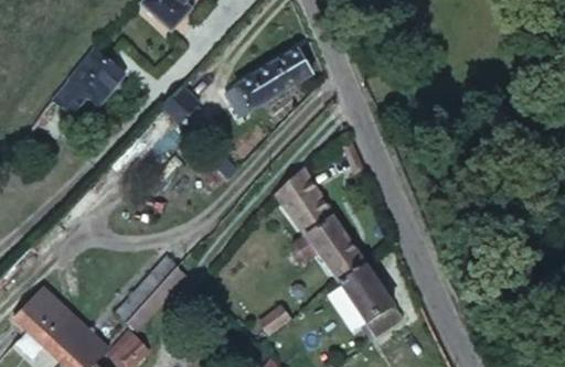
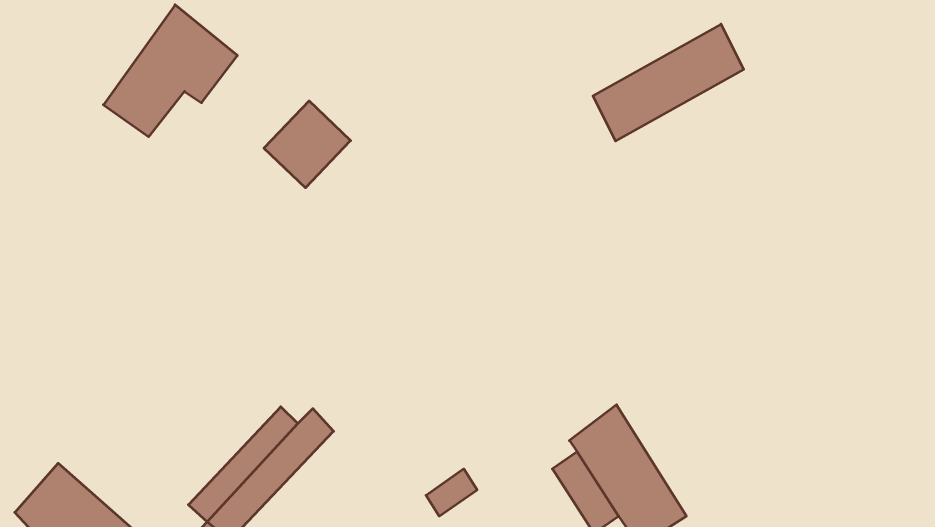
building: [226,40,315,108] -> [593,24,744,141]
building: [280,170,364,282] -> none

